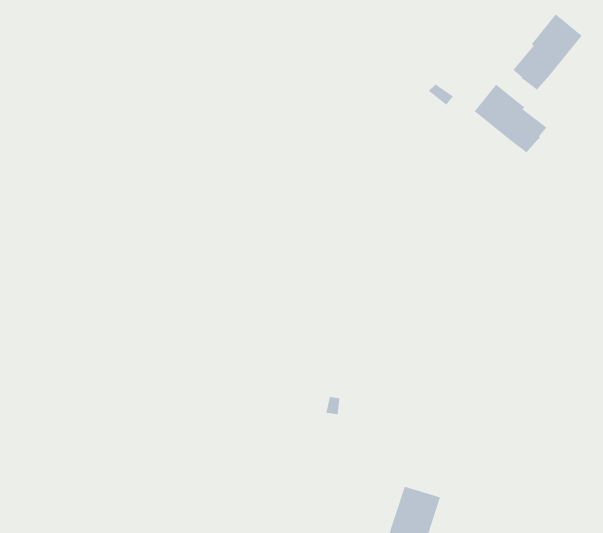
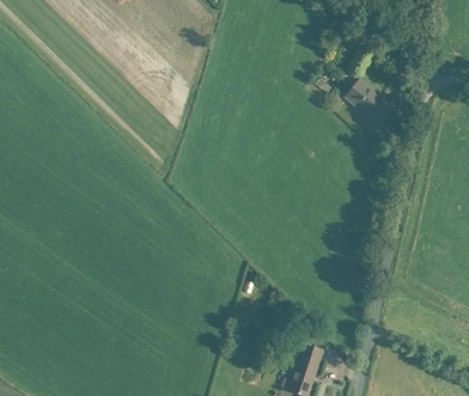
building: [512,13,583,91] -> none

